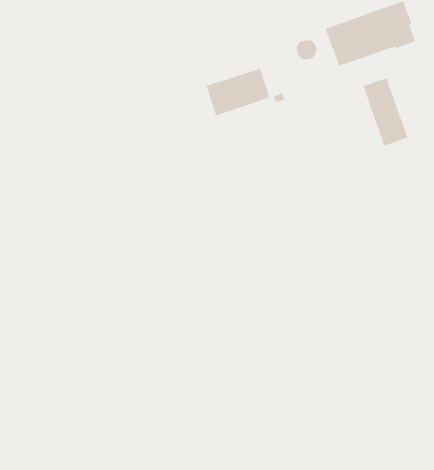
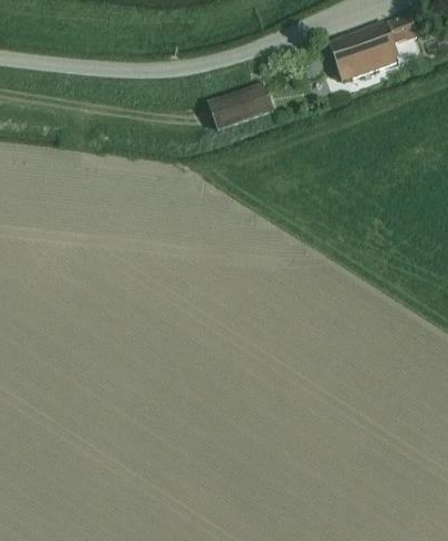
building: [363,77,409,147] -> none

